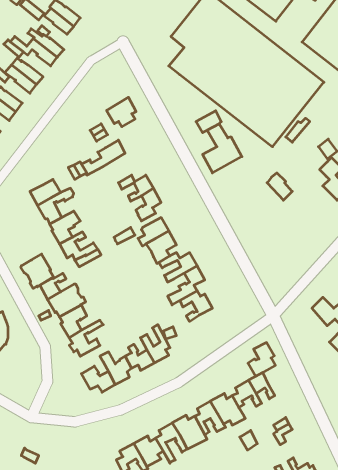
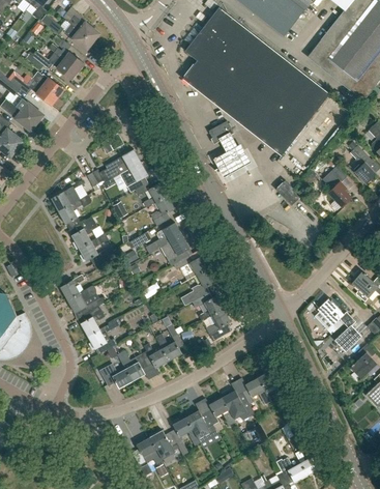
building: [107,97,136,127] -> [120,162,148,190]
building: [21,254,53,288] -> none
building: [248,343,275,376] -> [206,309,232,341]

